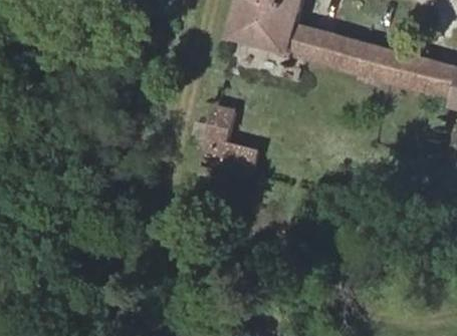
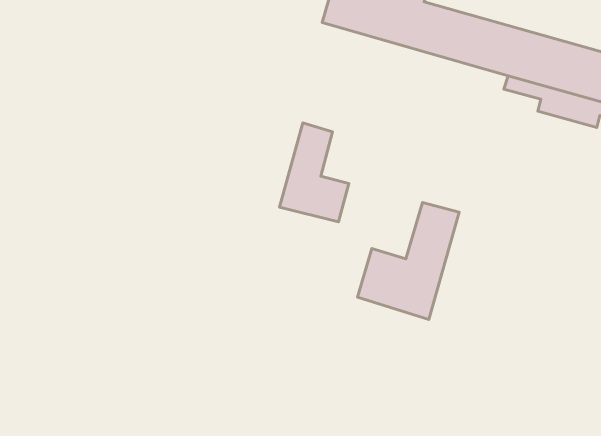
building: none -> [358,203,459,320]

